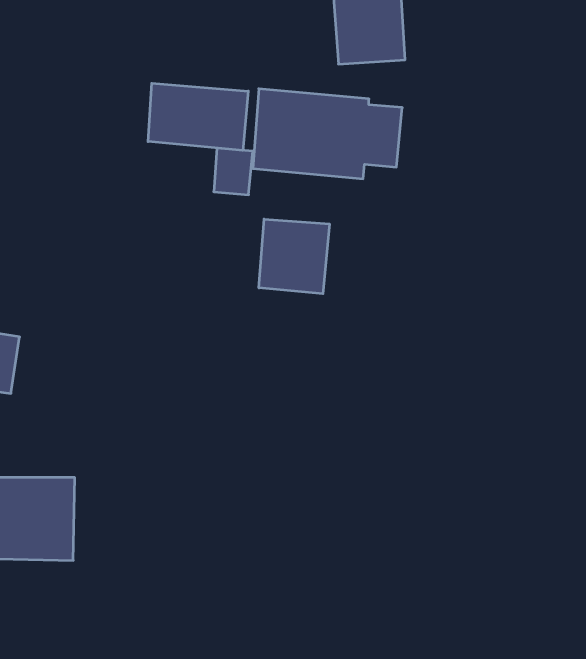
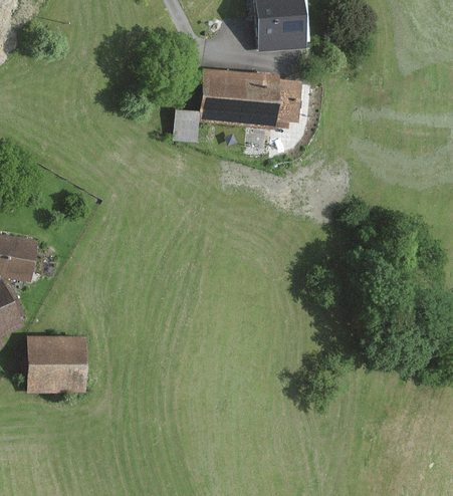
building: [148,83,248,150] -> none
building: [259,219,329,294] -> none

